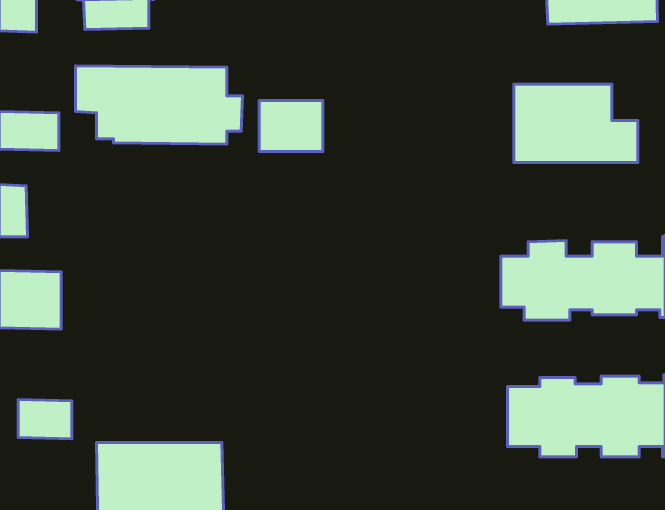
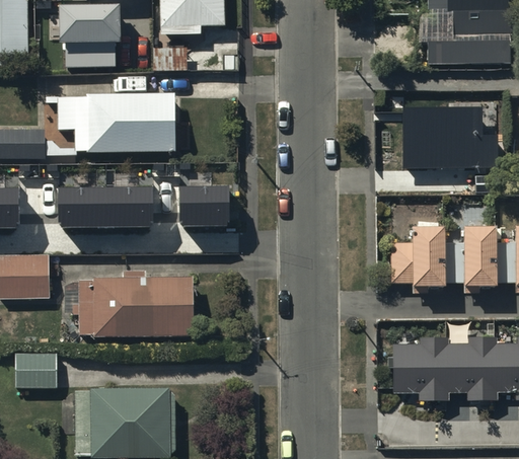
building: [259,101,323,151] -> [178,185,228,225]
building: none -> [58,186,153,226]
building: none -> [73,270,194,337]

